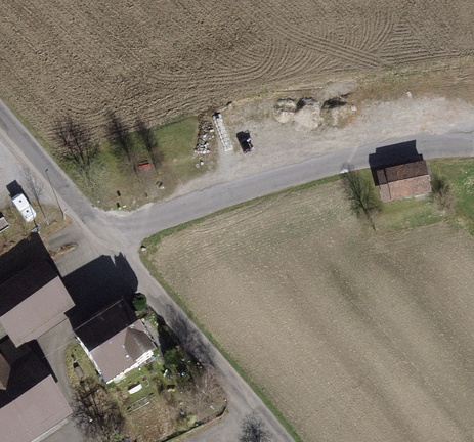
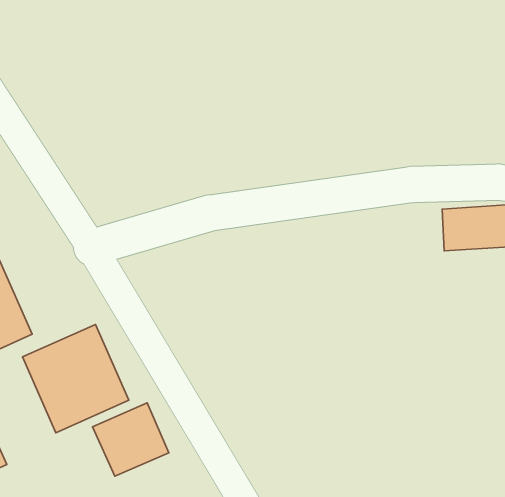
building: none -> [93,403,169,476]

